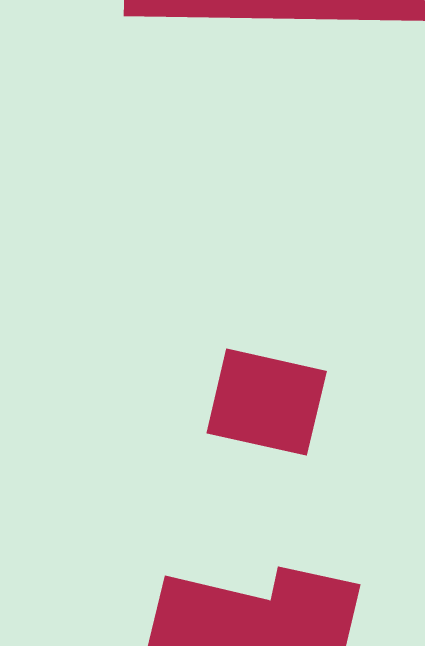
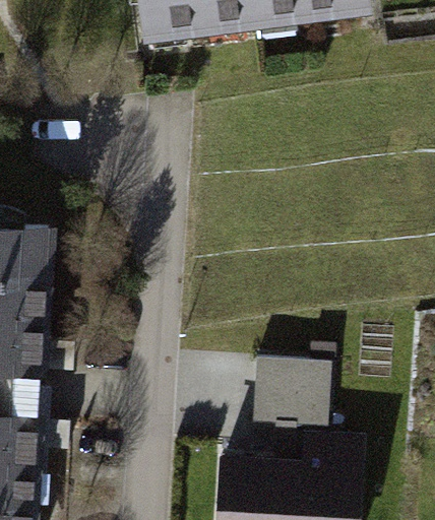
building: [206,348,328,456] -> [257,355,337,424]

